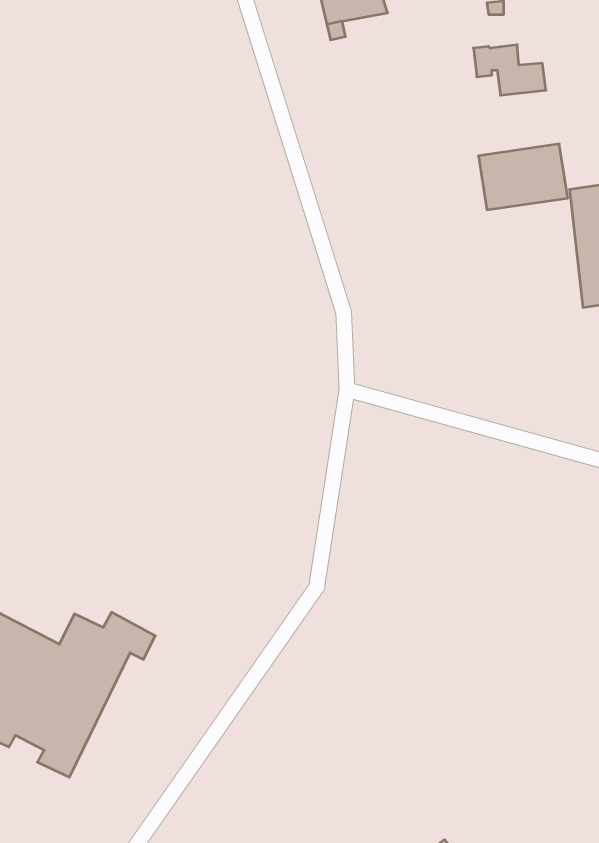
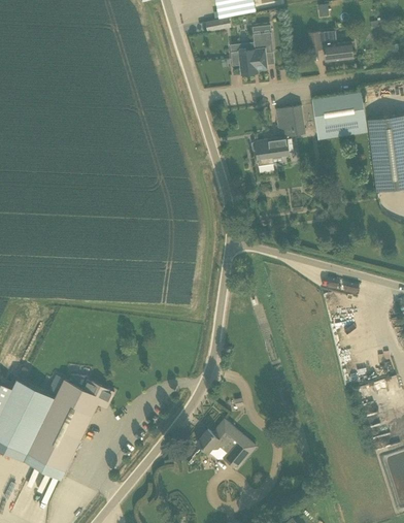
building: none -> [230,32,273,75]
building: none -> [251,105,305,166]
building: none -> [196,420,256,469]

